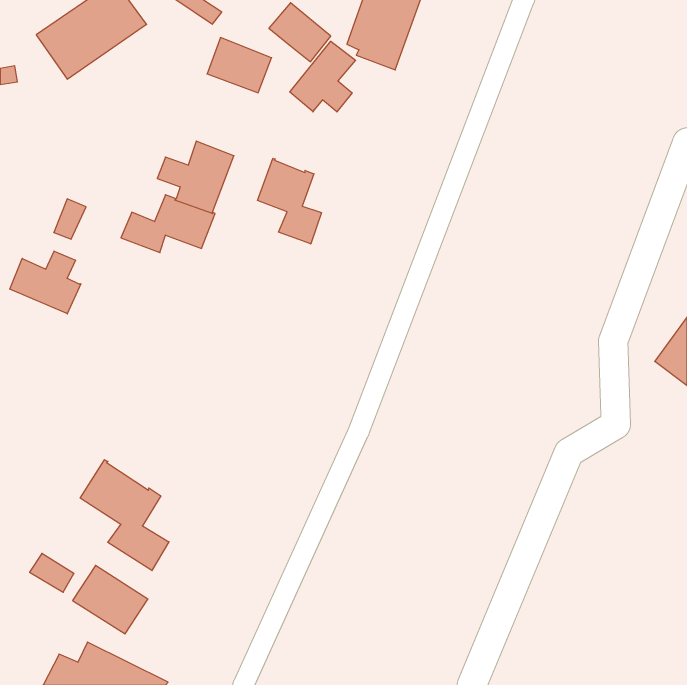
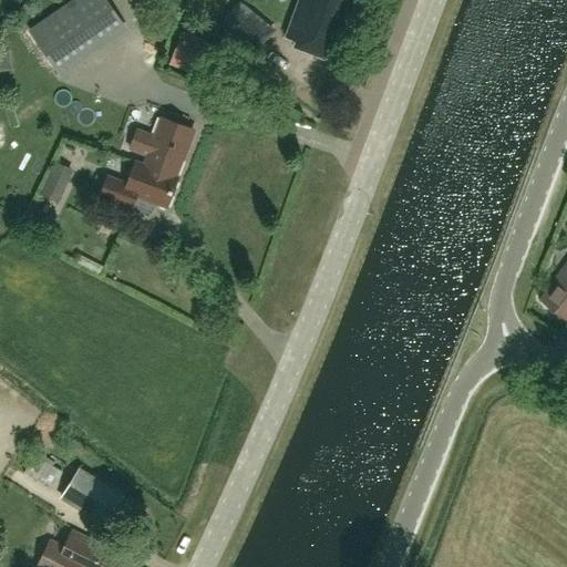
building: [290,41,356,112] -> none
building: [257,158,322,244] -> none
building: [10,251,81,314] -> none
building: [80,460,169,571] -> none

